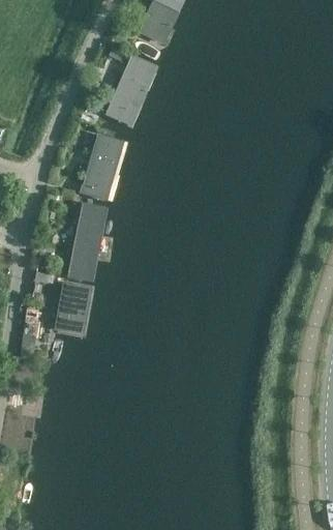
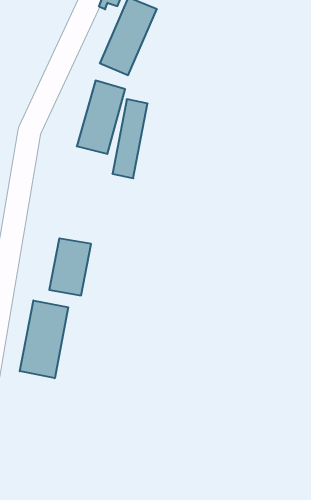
building: [67,202,100,276] -> [112,99,148,178]
building: none -> [20,300,68,378]

